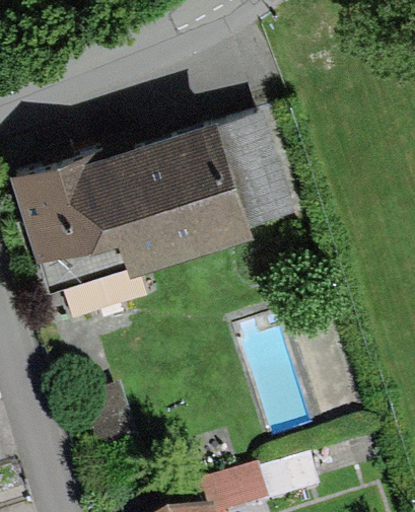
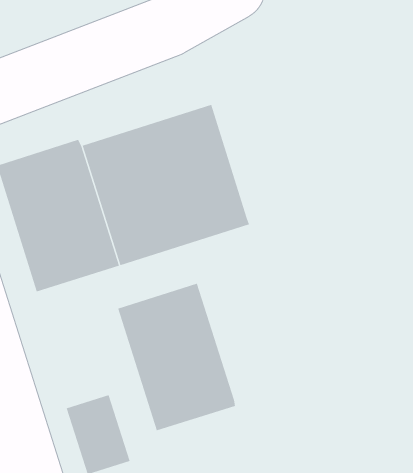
building: [222,114,297,227] -> none
building: none -> [118,283,236,431]

